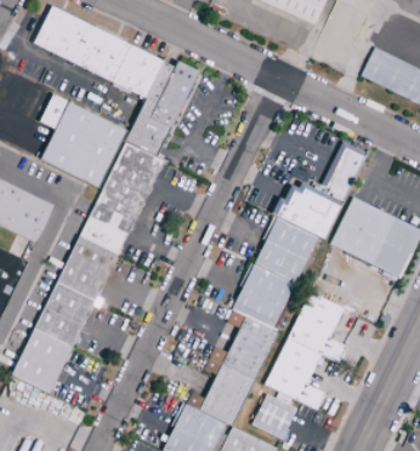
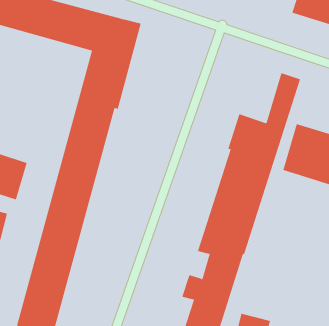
building: [39,93,126,187] -> none
building: [265,290,346,409] -> none

